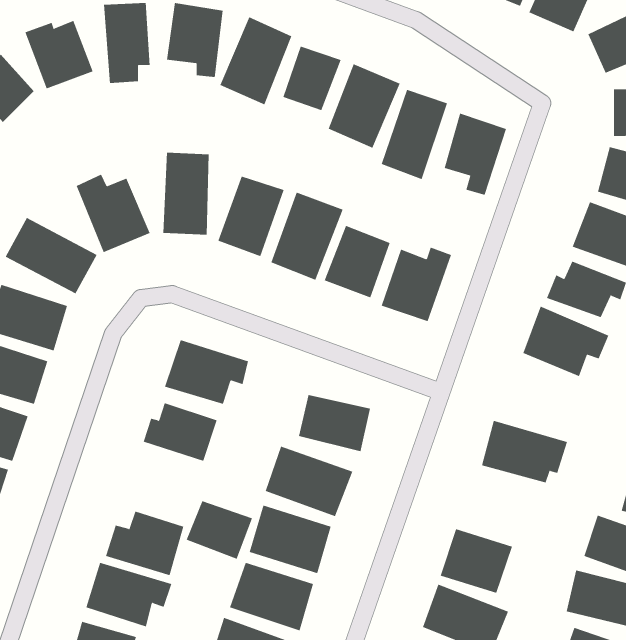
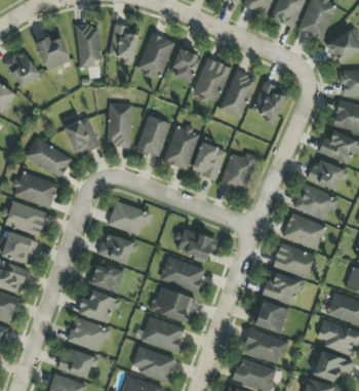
building: none -> [282,213,326,250]
building: none -> [263,271,301,306]
building: [186,500,253,560] -> [89,263,124,294]

